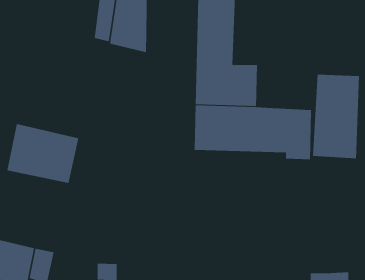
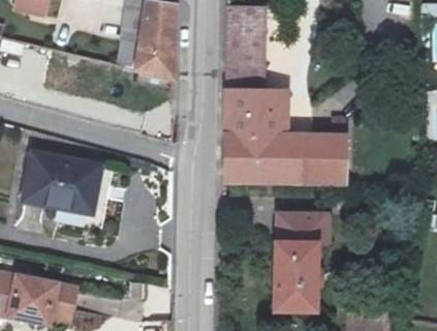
building: [312,74,359,159] -> none
building: none -> [274,211,331,311]

